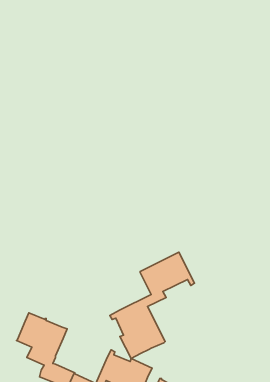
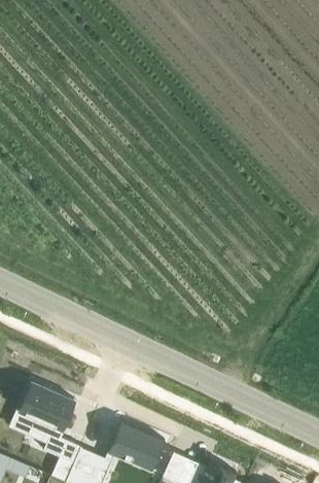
building: [110,252,194,359] -> none

